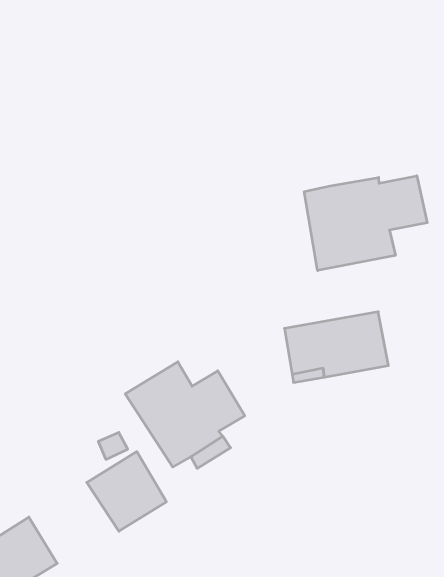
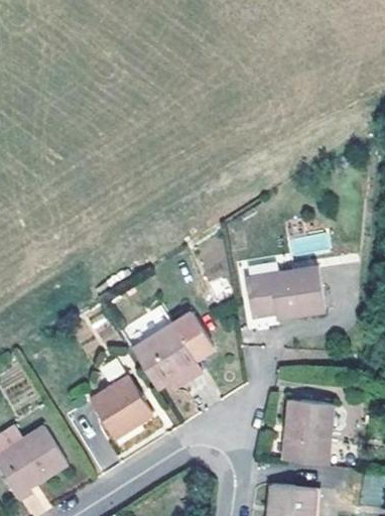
building: [304,176,427,271] -> none
building: none -> [285,398,333,462]

